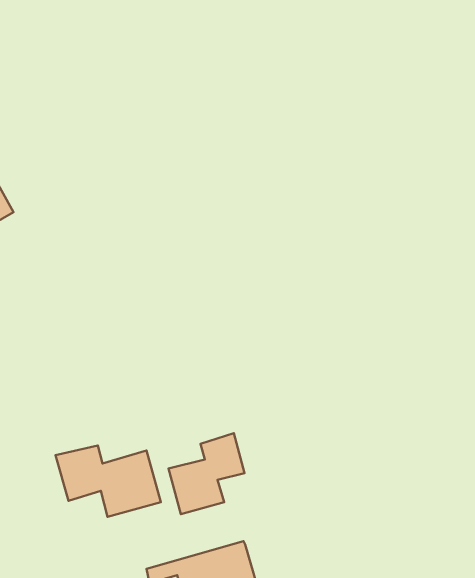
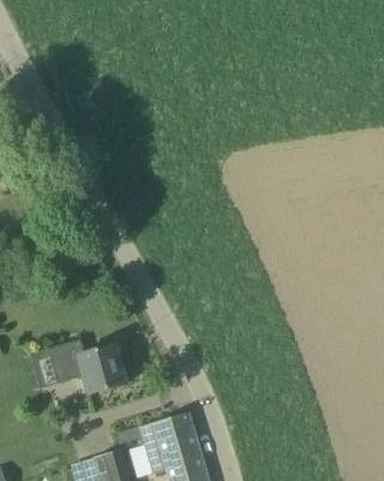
building: [169,433,244,514] -> none

